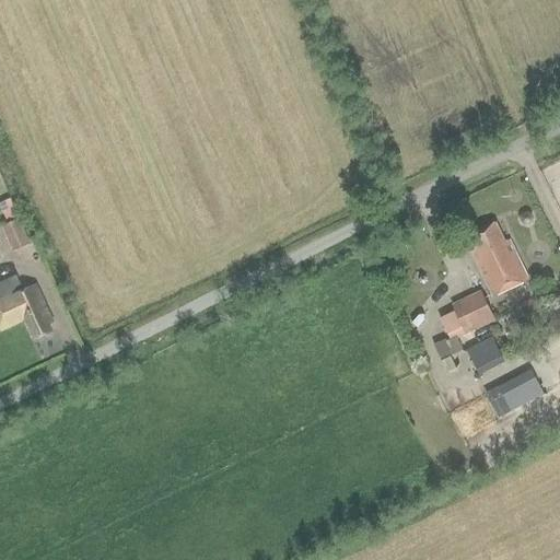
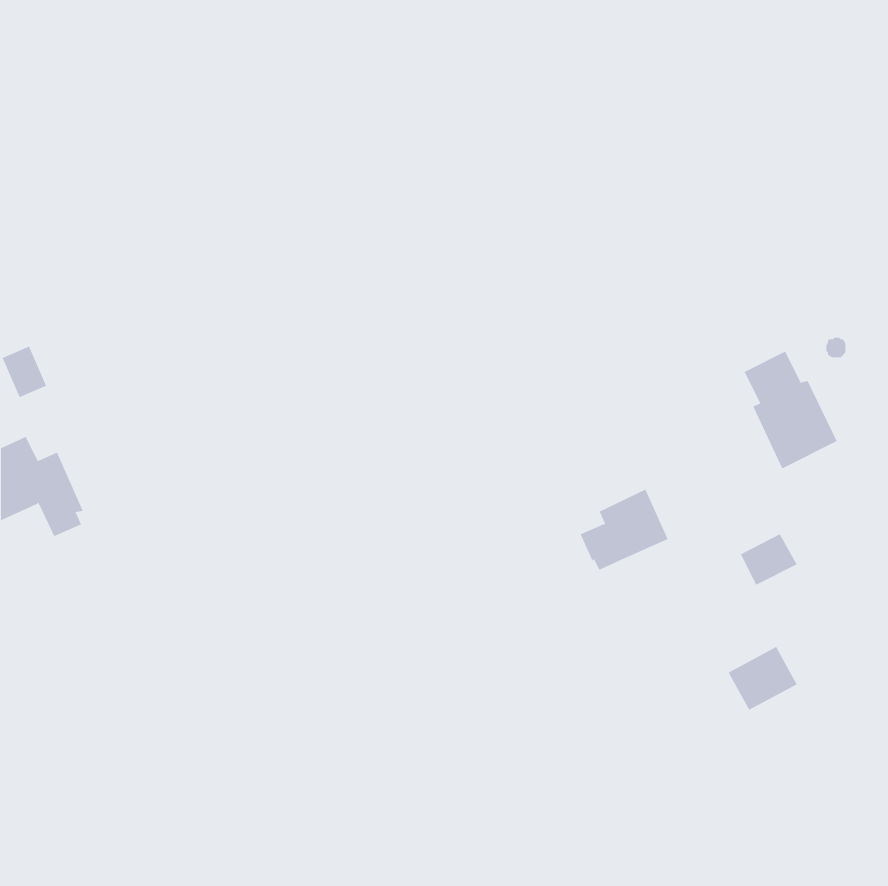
building: [440,289,495,340] -> [580,489,668,571]
building: [499,370,542,410] -> [728,646,797,711]

